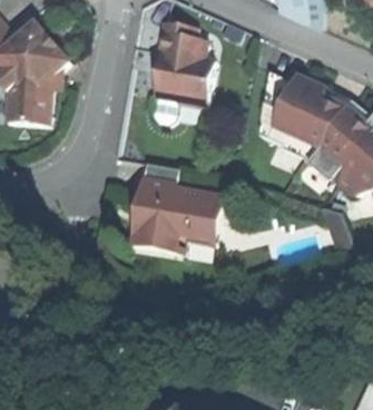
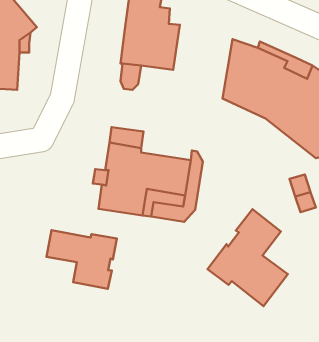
building: none -> [208,209,288,306]
building: none -> [46,230,117,289]

